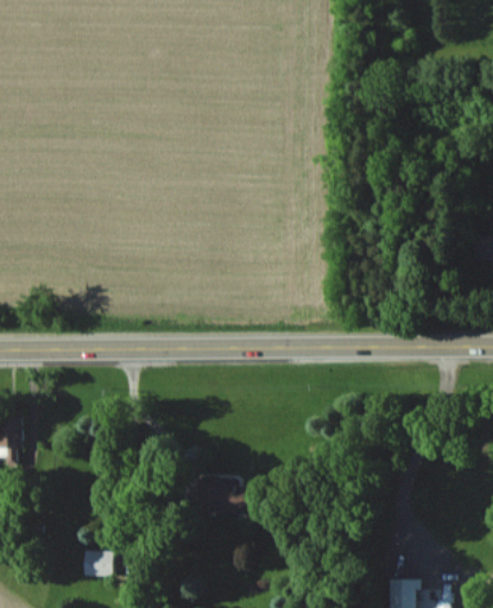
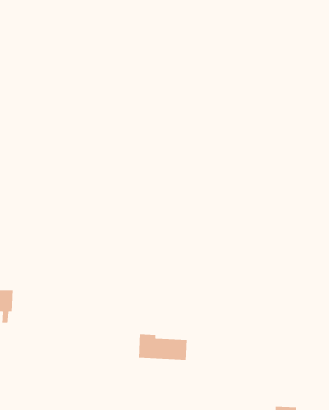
building: [87,551,116,575] -> none

